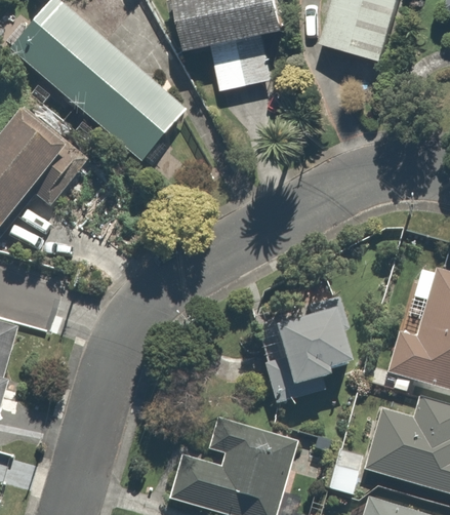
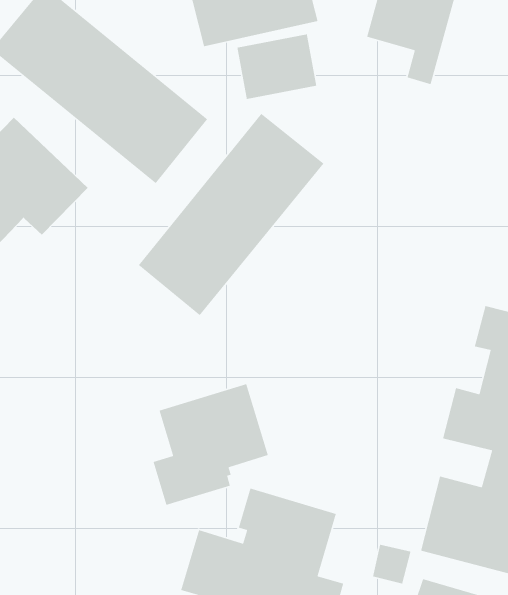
building: none -> [138,113,324,316]
building: [258,298,356,400] -> [152,383,269,506]

